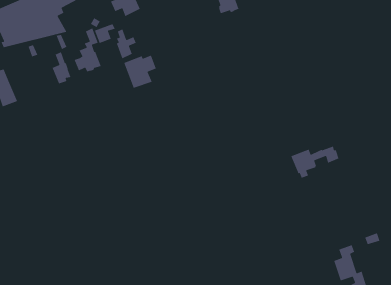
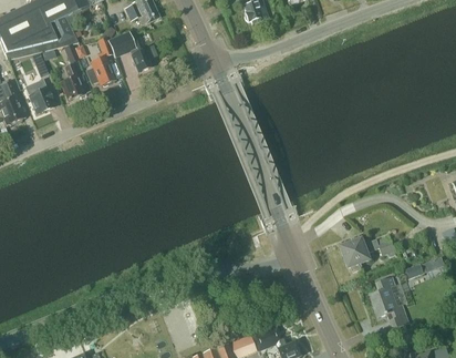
building: [123,55,157,89] -> none
building: none -> [25,80,54,114]
building: [290,146,339,179] -> [341,235,395,272]

